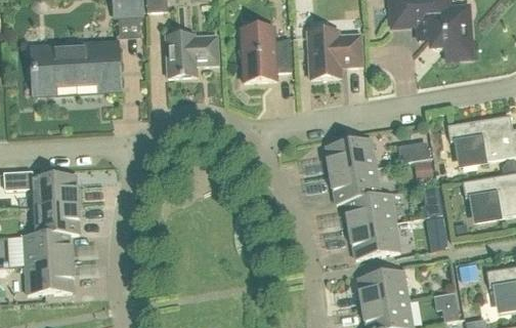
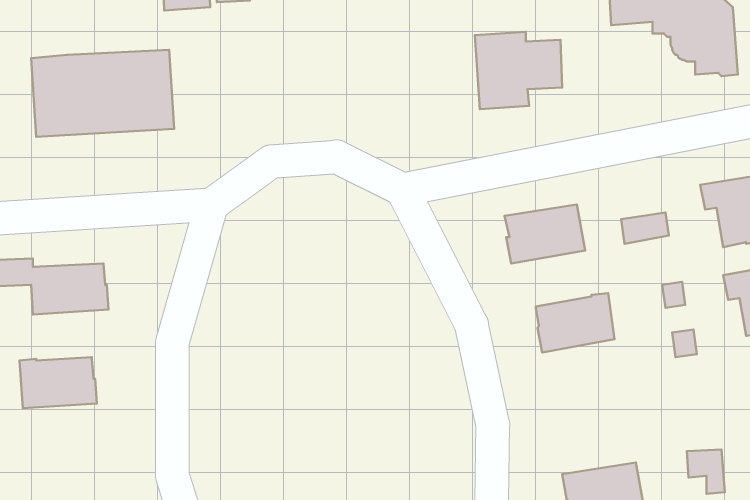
building: [239,27,291,81] -> none
building: [165,34,219,77] -> none
building: [330,166,380,203] -> none
building: [32,203,80,235] -> none
building: [349,221,399,258] -> none
building: [26,261,73,293] -> none
building: [358,269,407,305] -> none

